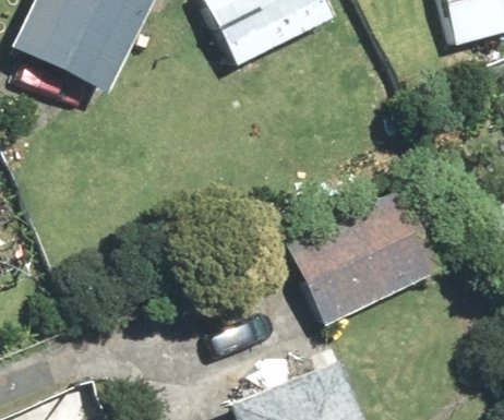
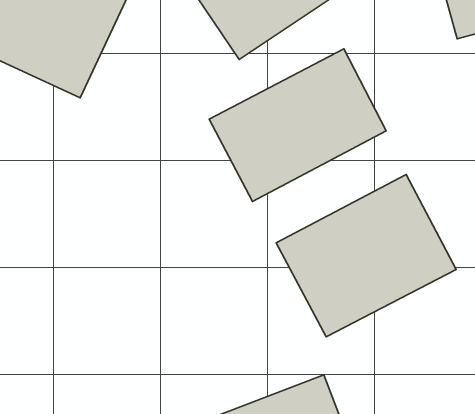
building: none -> [209,49,386,202]

